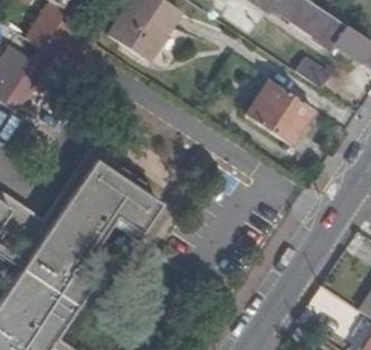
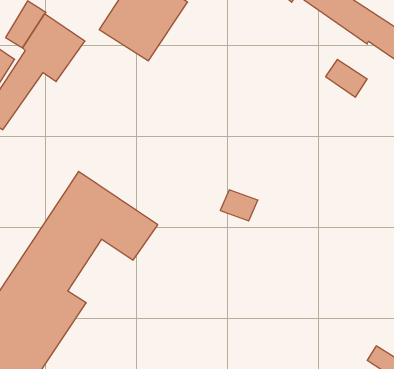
building: [246,83,314,148] -> none

